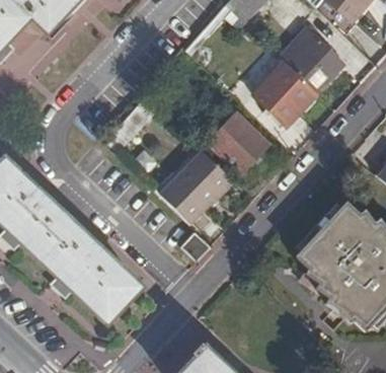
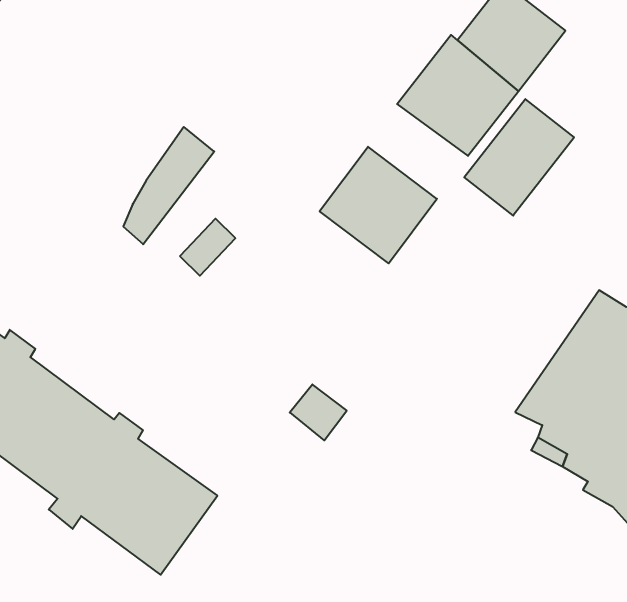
building: none -> [464,99,574,216]
building: [160,151,236,226] -> none

